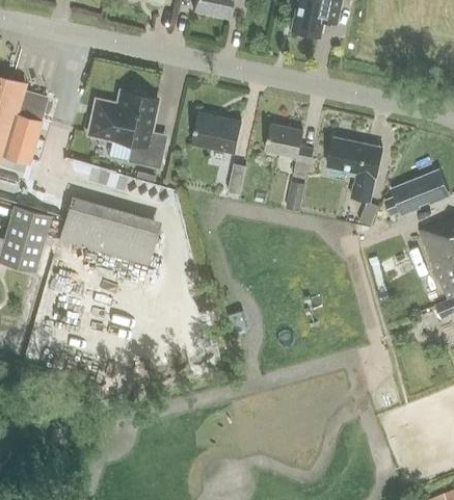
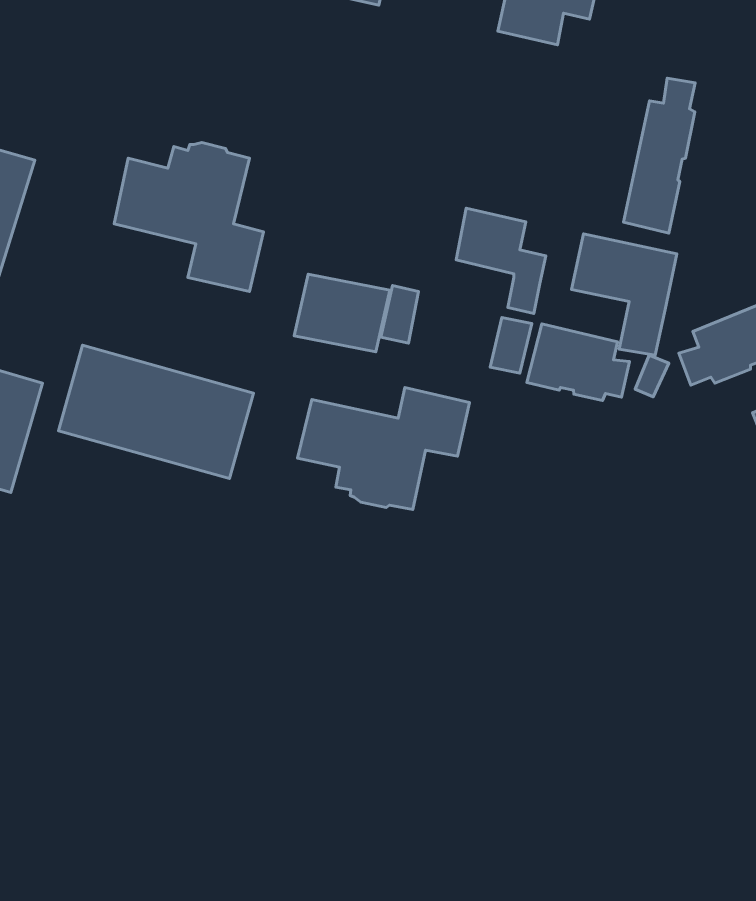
building: none -> [624,78,695,233]
building: [190,112,240,153] -> [294,274,390,352]
building: none -> [527,324,630,401]
building: none -> [297,387,469,510]

